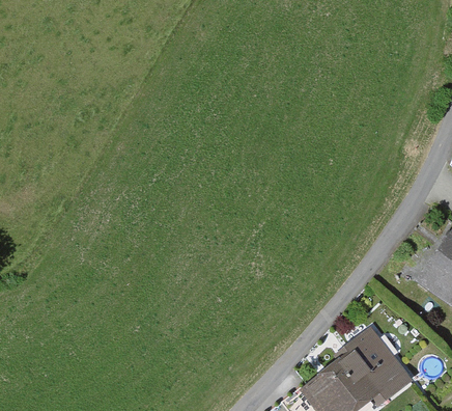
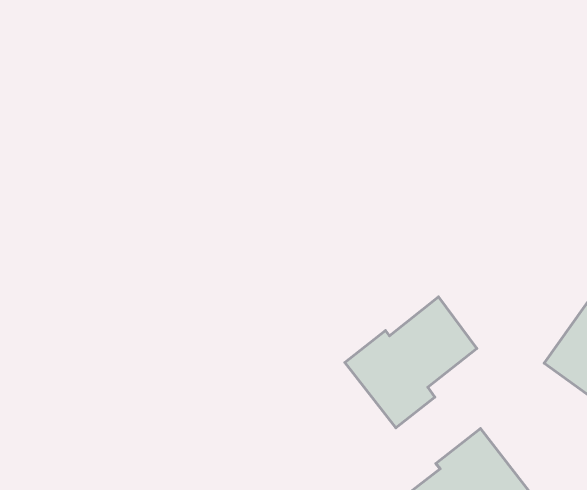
building: none -> [345,297,477,428]

